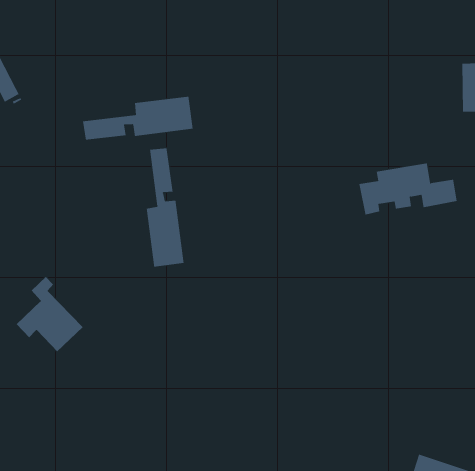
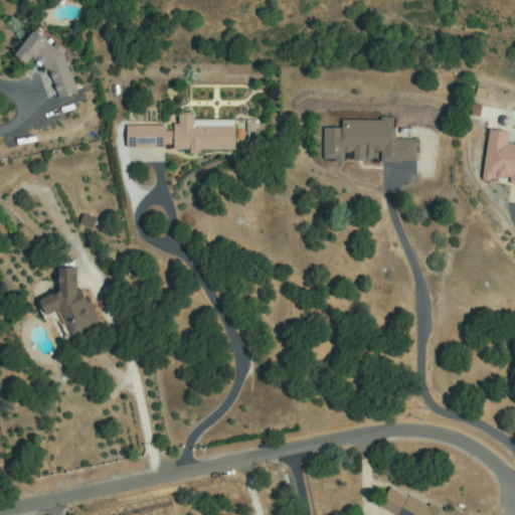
building: [146,148,184,267] -> none
building: [358,163,457,215] -> [326,120,415,161]

